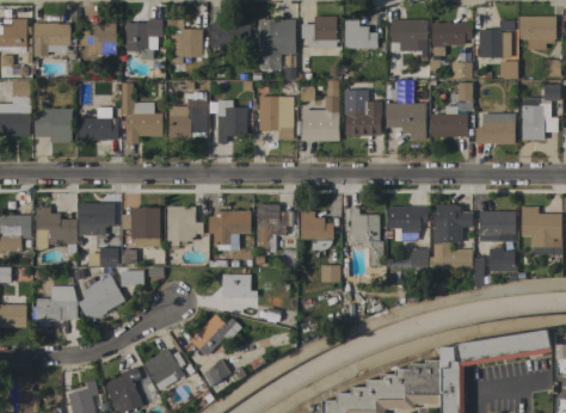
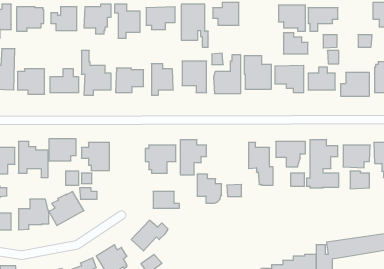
building: [344,20,377,49] -> [283,33,308,54]
building: [479,20,515,57] -> none
building: [166,206,203,249] -> none
building: [300,210,333,249] -> [197,174,222,203]

